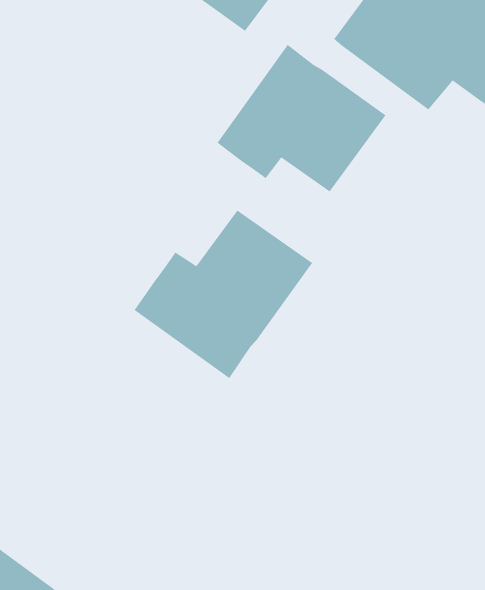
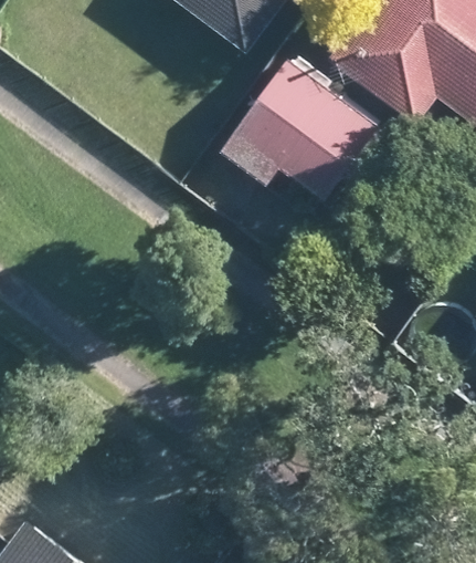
building: [134,210,313,379] -> none

